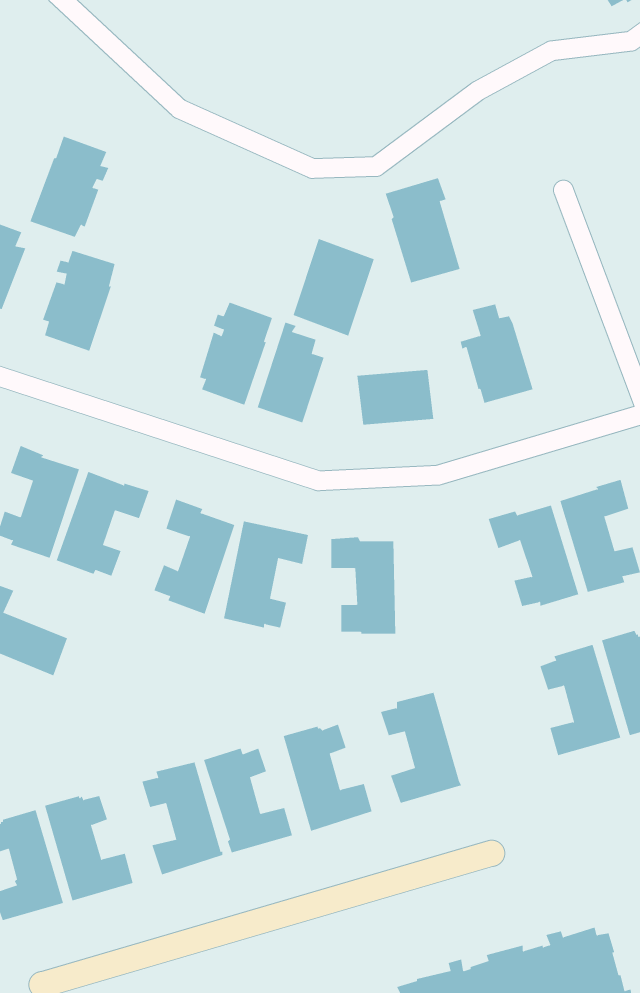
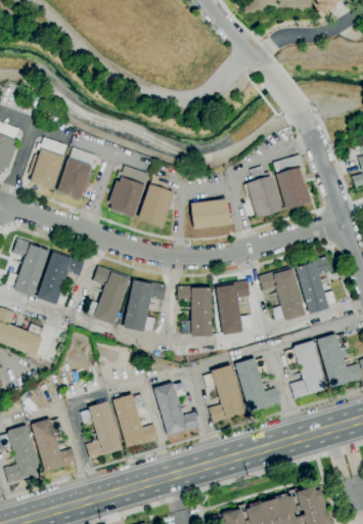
building: [30,136,109,237] -> [57,147,98,200]
building: [385,177,460,283] -> [273,155,312,209]
building: [293,238,374,336] -> none
building: none -> [216,280,252,336]
building: none -> [235,358,281,411]

